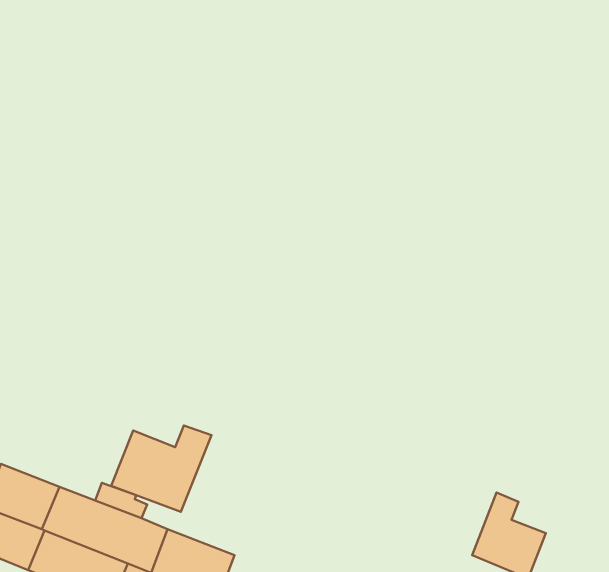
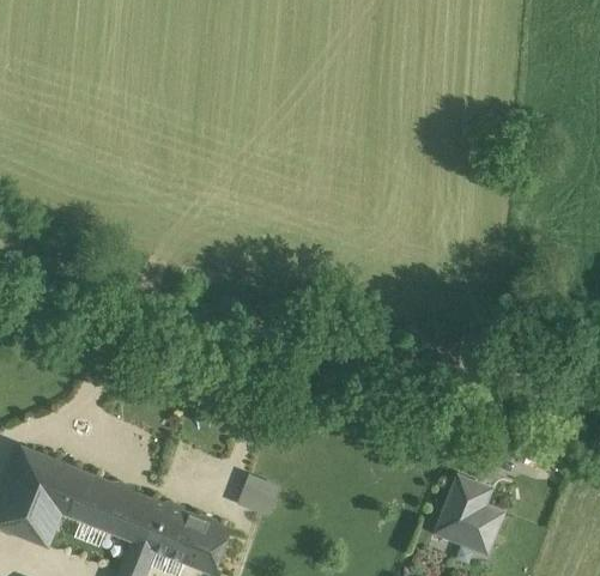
building: [111,425,211,512] -> none
building: none -> [235,472,279,516]

